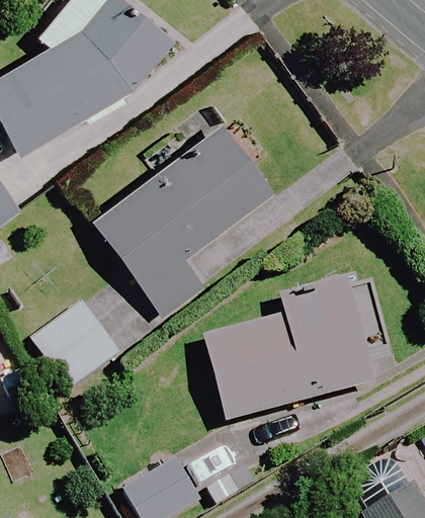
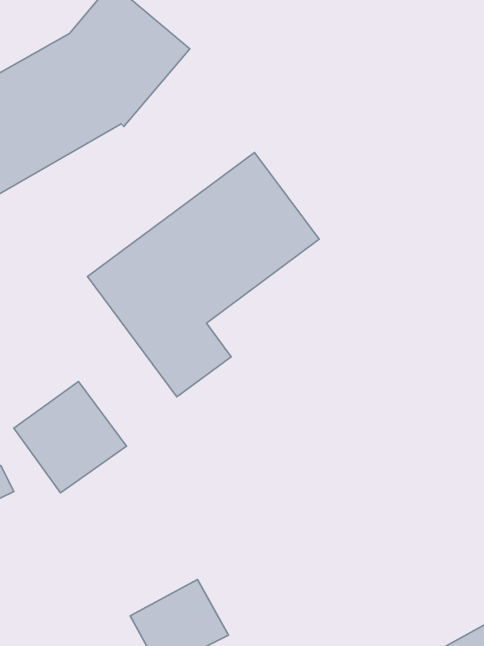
building: [205,274,377,421] -> none

